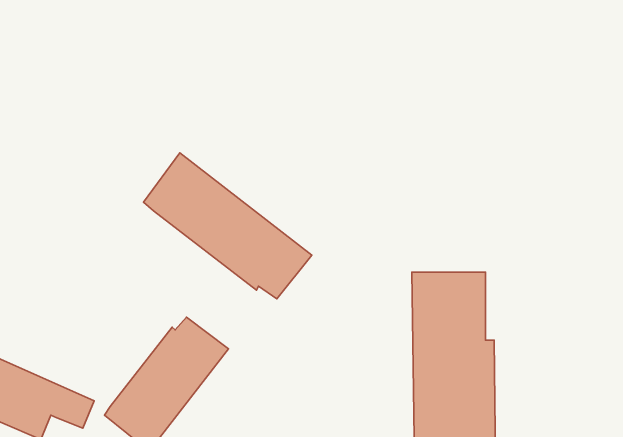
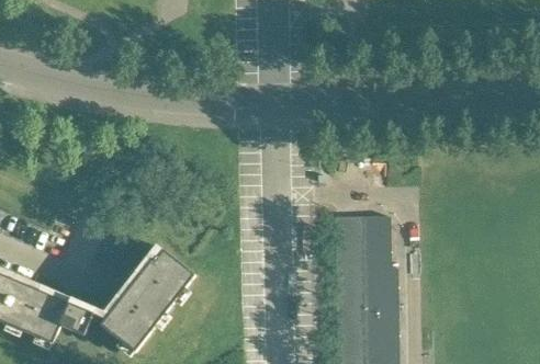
building: [143,153,312,299] -> none

